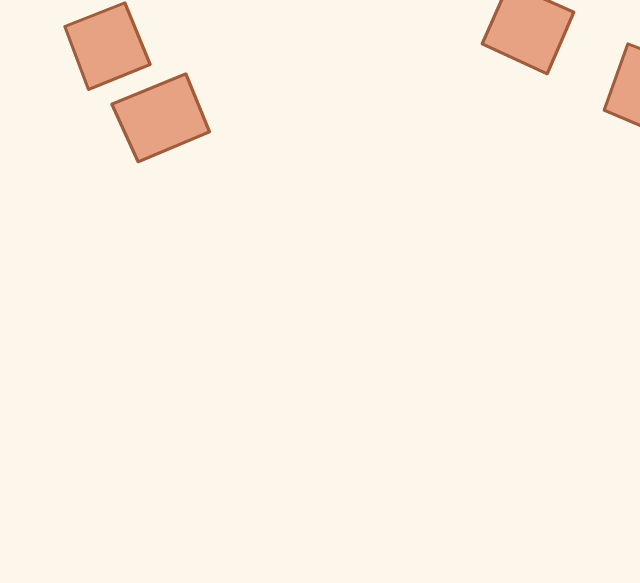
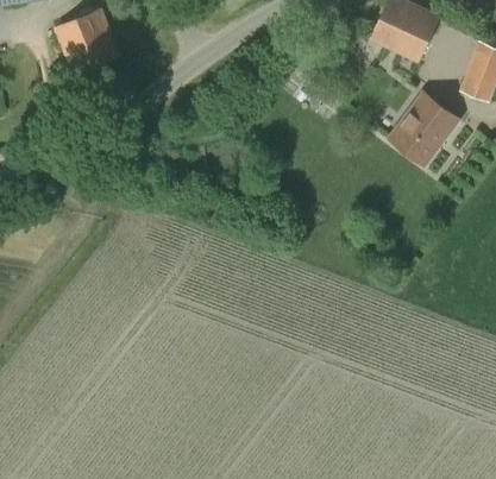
building: [112,74,209,162] -> none
building: none -> [387,88,460,165]

